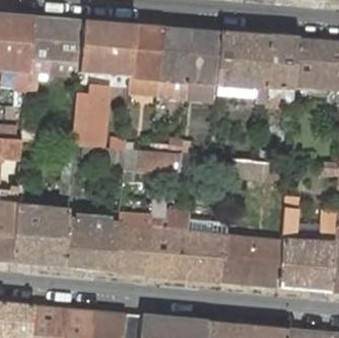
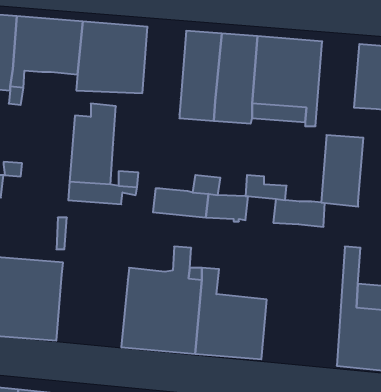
building: [129,24,163,91] -> none
building: [264,35,297,90] -> [321,135,363,207]
building: [62,215,118,271] -> none
building: [221,235,283,286] -> none

